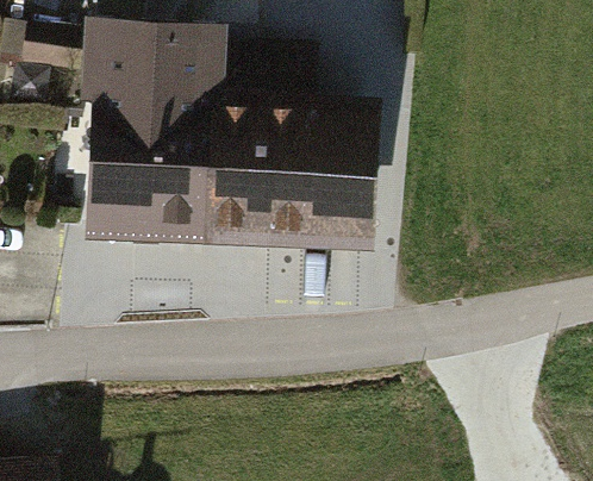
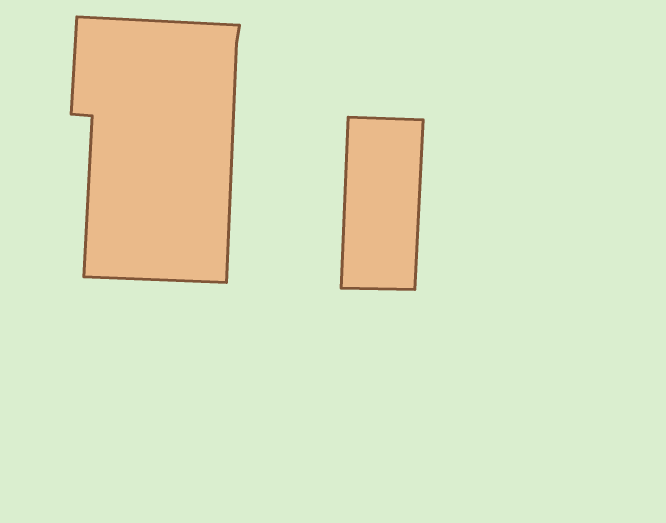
building: [211,39,316,245] -> none

